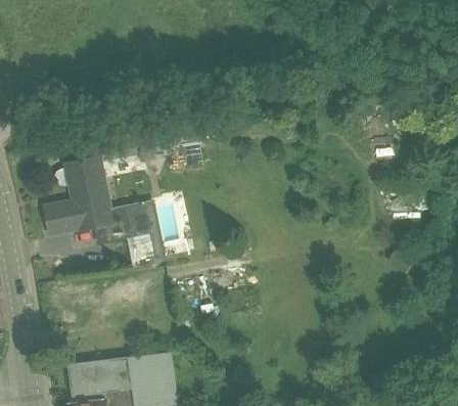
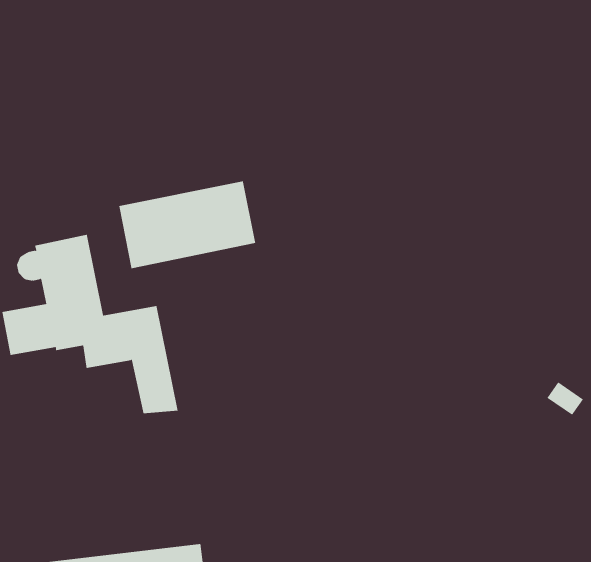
building: none -> [114,181,256,269]

